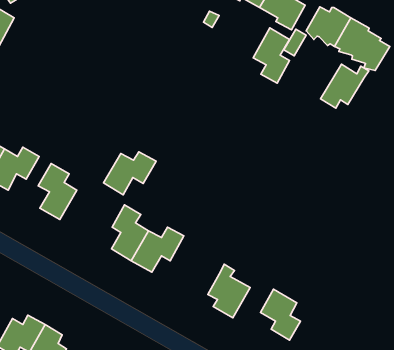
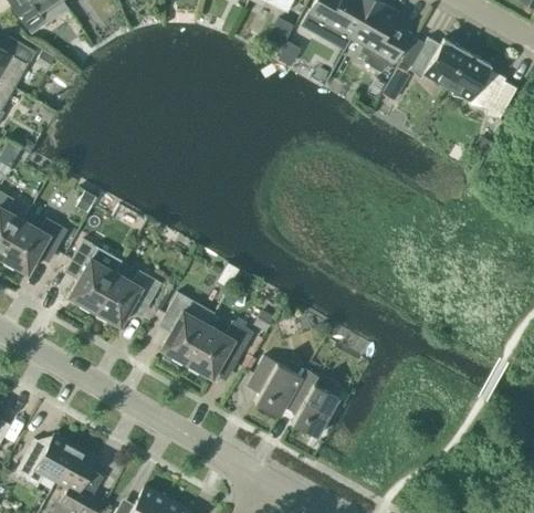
building: [253,28,290,83] -> none
building: [321,64,369,108] -> none
building: [103,152,156,195] -> [93,271,160,326]
building: none -> [245,356,300,416]
building: [261,289,300,340] -> none

